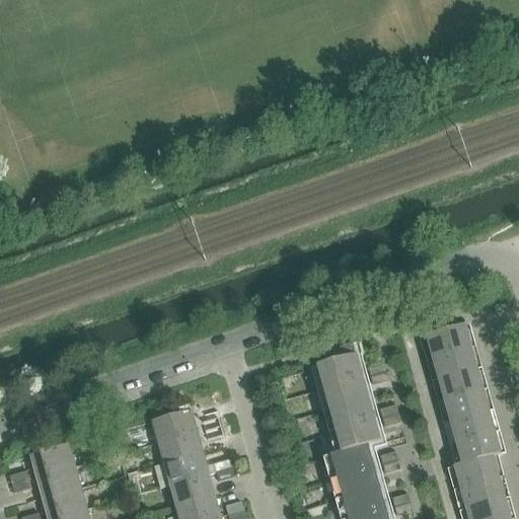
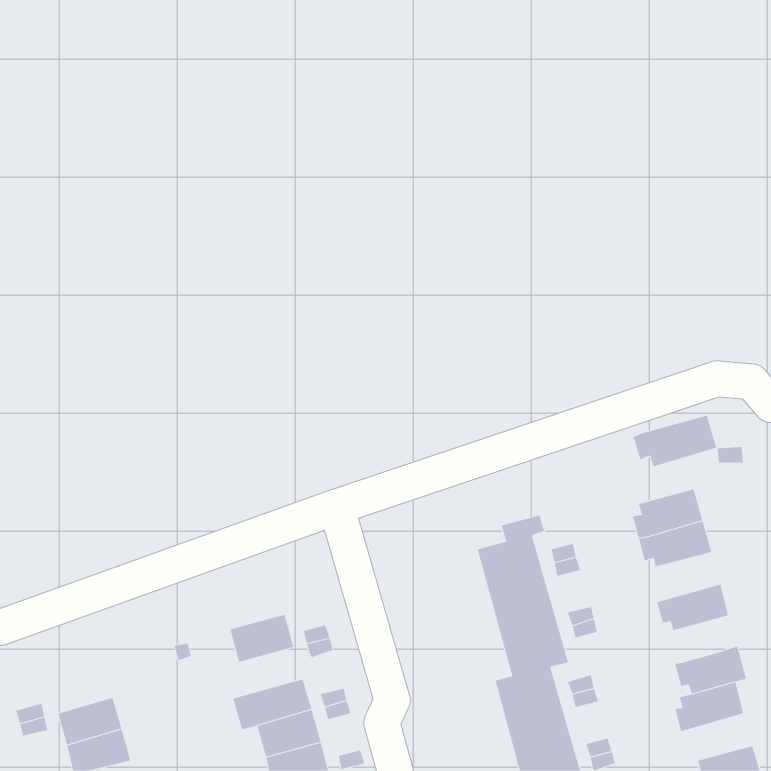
building: none -> [633,415,717,467]
building: [437,371,485,404] -> none
building: [449,414,496,446] -> none
building: [160,435,204,466] -> none
building: [32,447,76,479] -> none
building: [457,479,506,511] -> none

